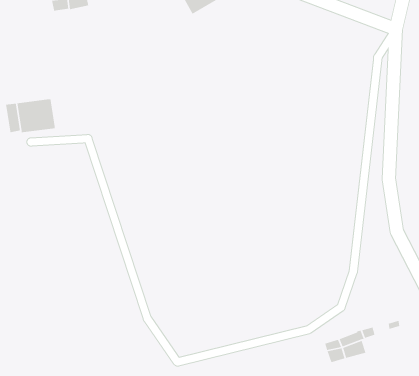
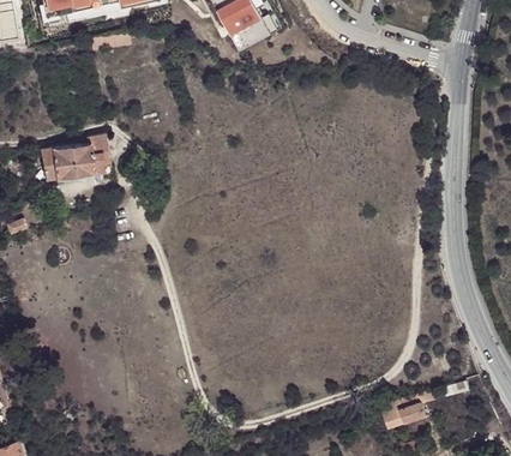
building: none -> [84,132,108,172]

